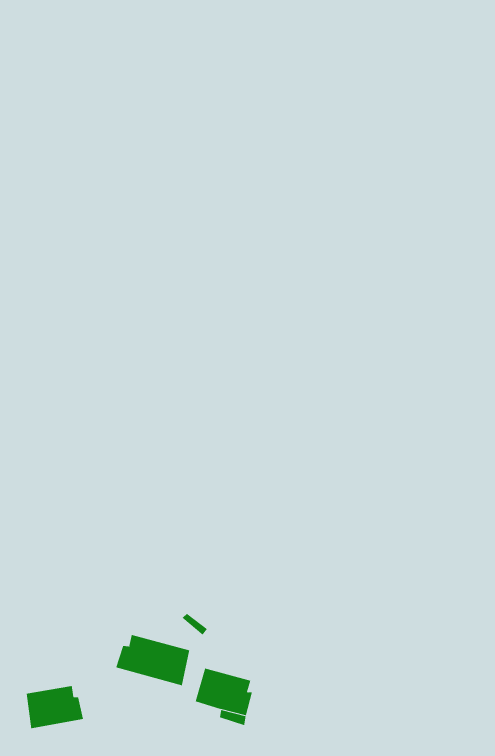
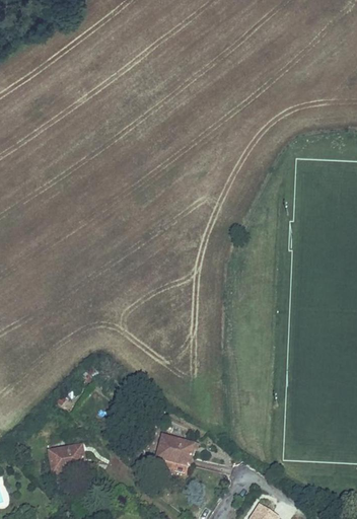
building: [116,634,190,686] -> none

